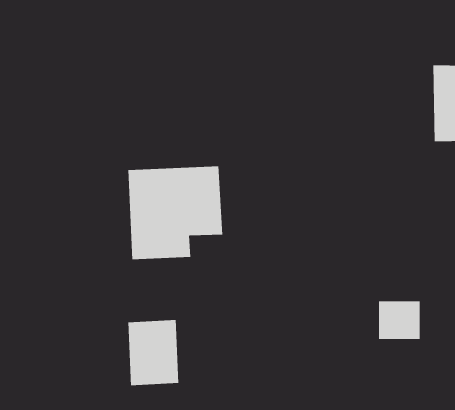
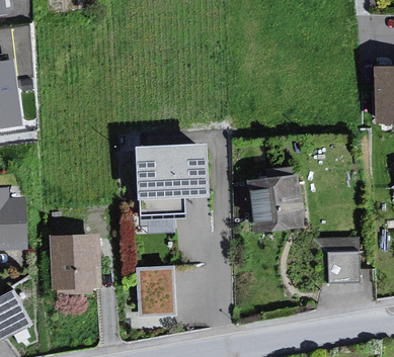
building: none -> [253,177,303,229]
building: none -> [49,235,99,293]

